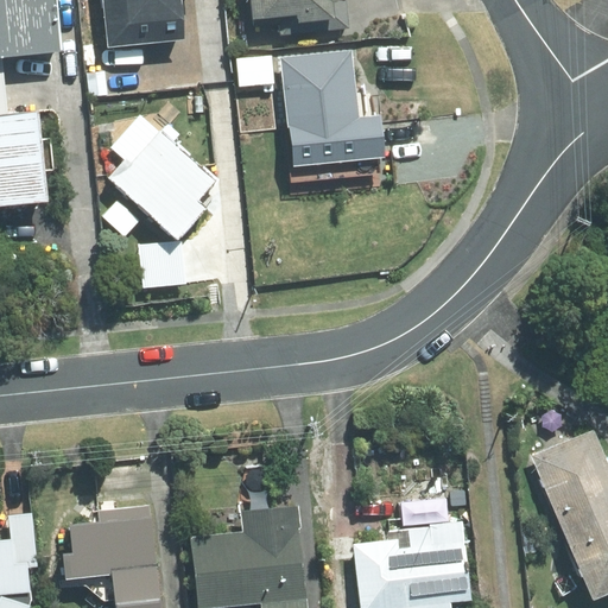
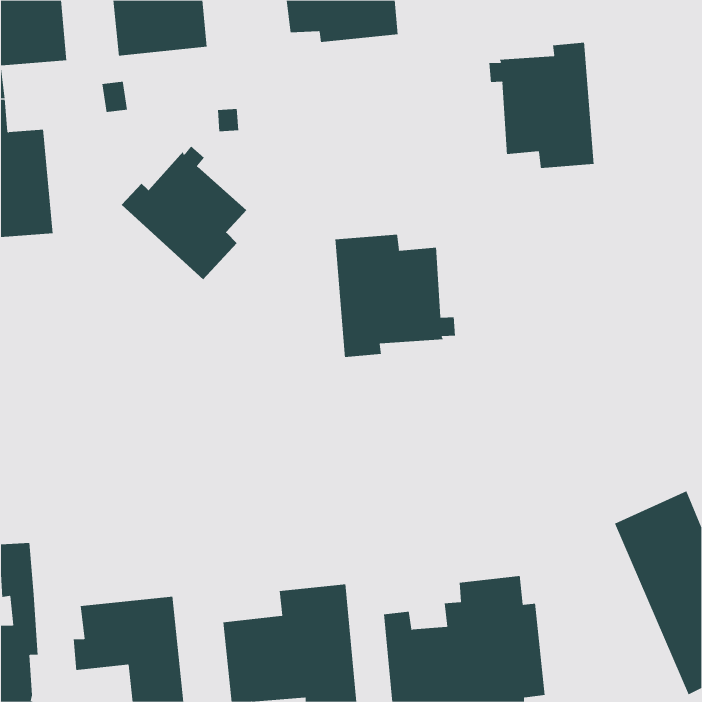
building: none -> [489,42,594,169]
building: [283,49,387,166] -> none
building: none -> [335,234,456,358]

